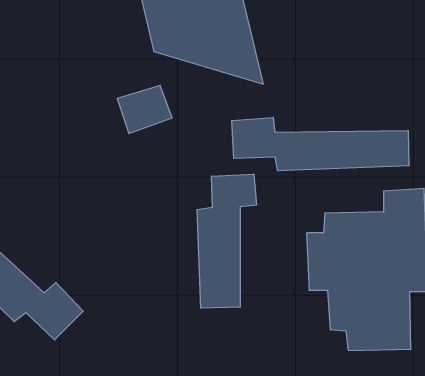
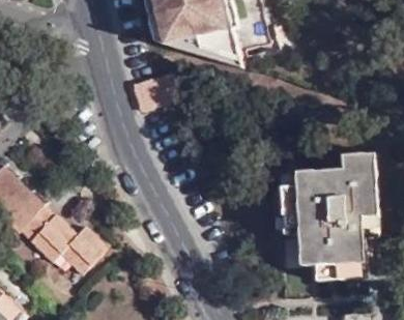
building: [232,117,409,171] -> none
building: [197,174,257,308] -> none

